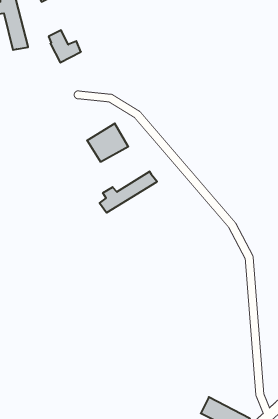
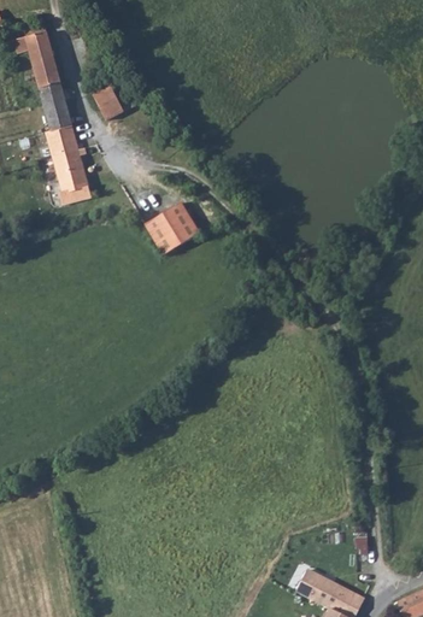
building: none -> [42,99,90,204]
building: [100,171,157,213] -> none

